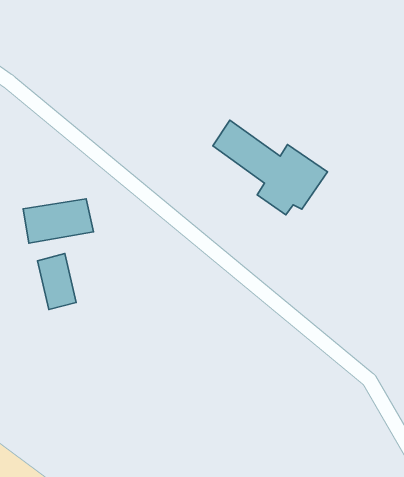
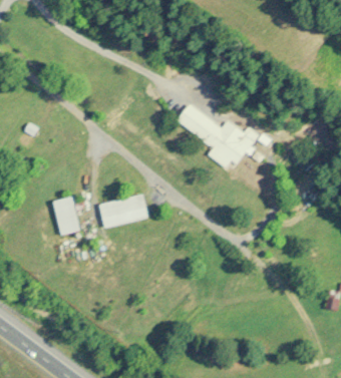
building: [23,199,94,243] -> [99,197,148,228]

